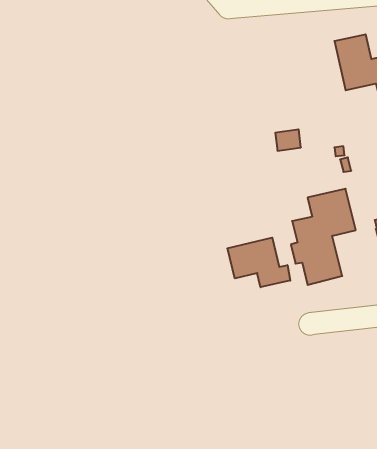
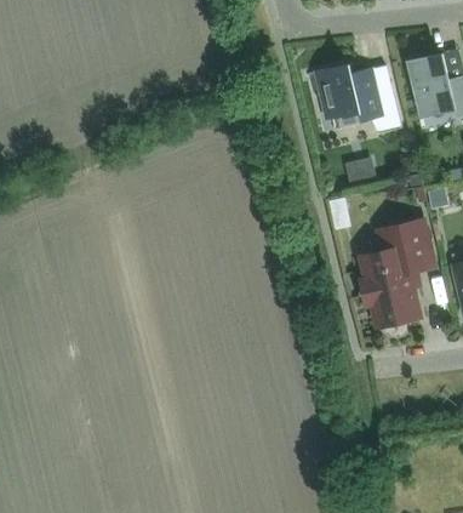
building: none -> [305,63,402,133]
building: [227,238,290,287] -> none

